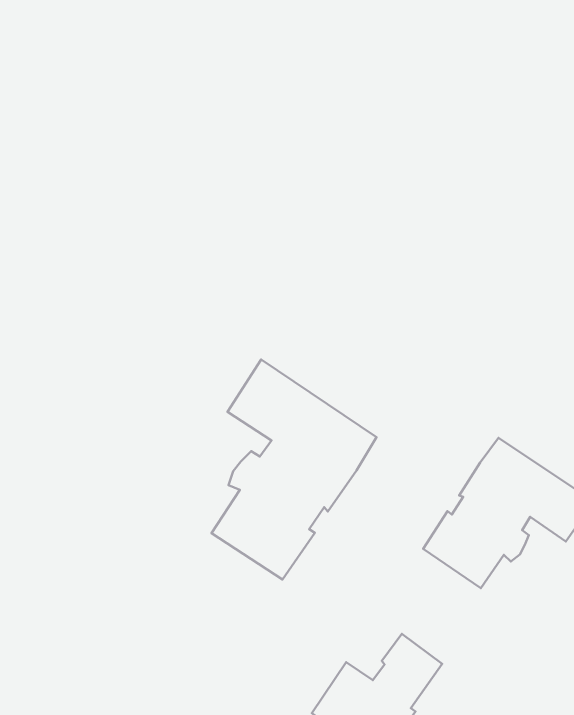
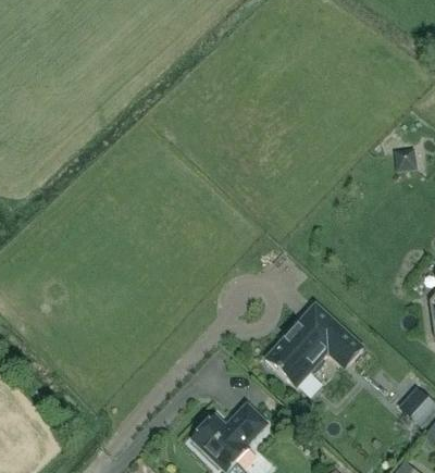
building: [212,360,377,580] -> none

